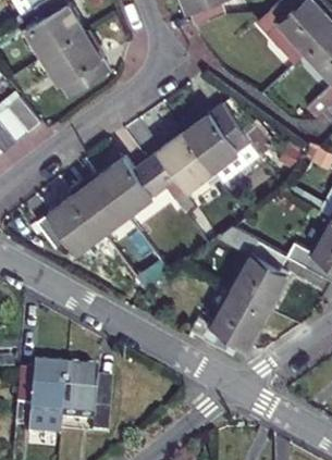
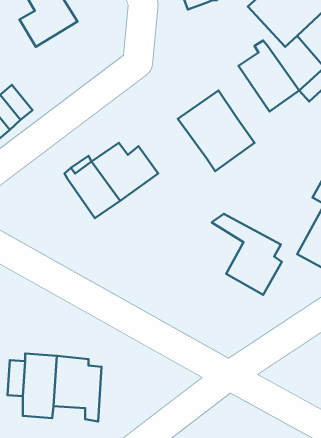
building: [44,35,110,100] -> none
building: none -> [239,41,299,111]
building: [146,132,213,198] -> none
building: [37,191,102,249] -> none
building: [193,286,270,351] -> none

